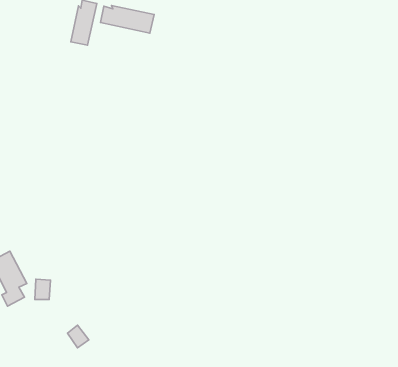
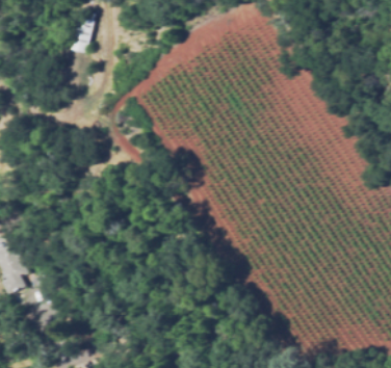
building: [101,5,154,33] -> none

